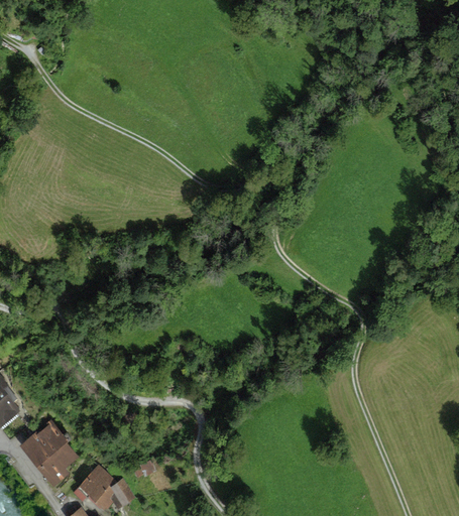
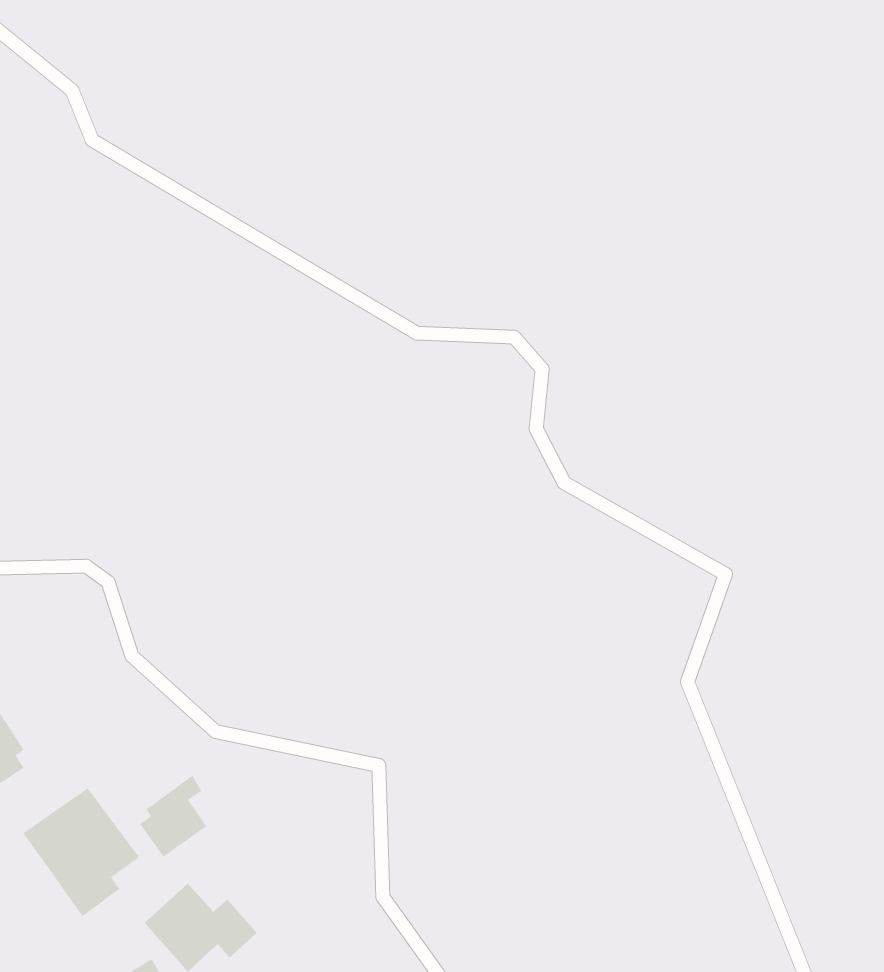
building: none -> [139,775,207,858]

